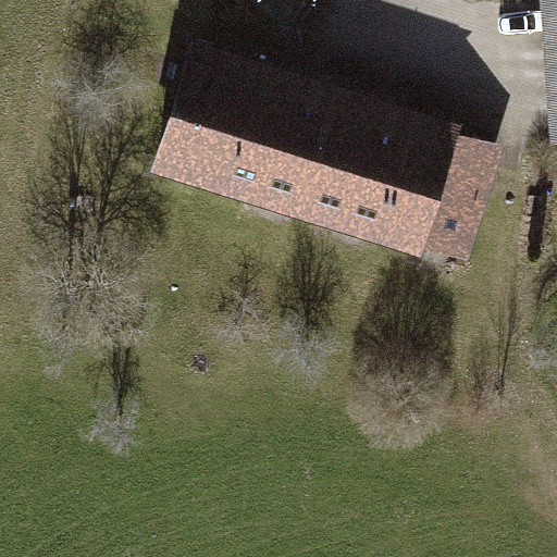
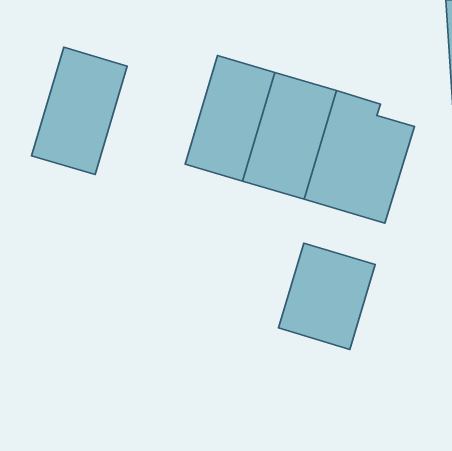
building: [154,45,271,199] -> [31,47,127,175]
building: none -> [278,243,375,349]

